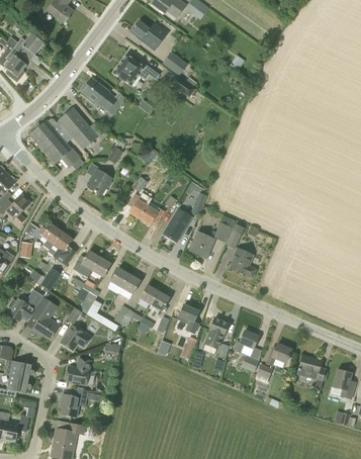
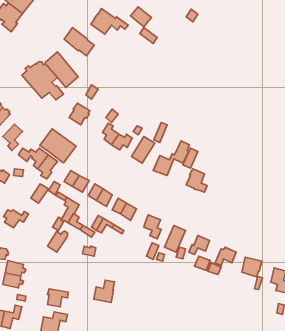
building: none -> [40,129,76,163]
building: [31,297,59,339] -> none
building: [65,358,90,385] -> [94,280,114,303]

